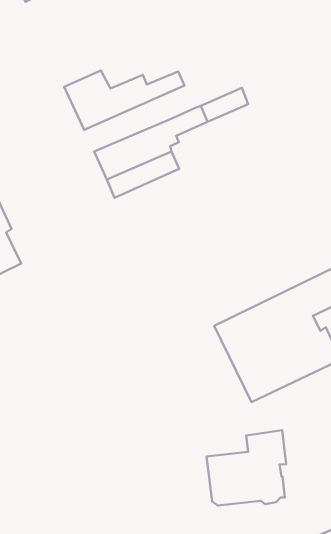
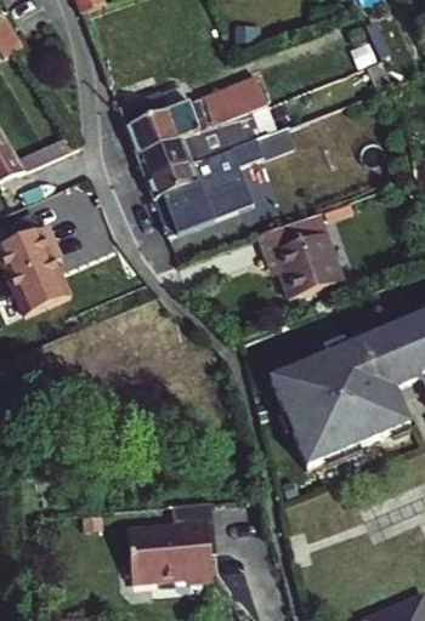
building: none -> [138,110,257,177]
building: none -> [243,216,327,301]
building: [206,430,286,506] -> [130,498,217,579]

